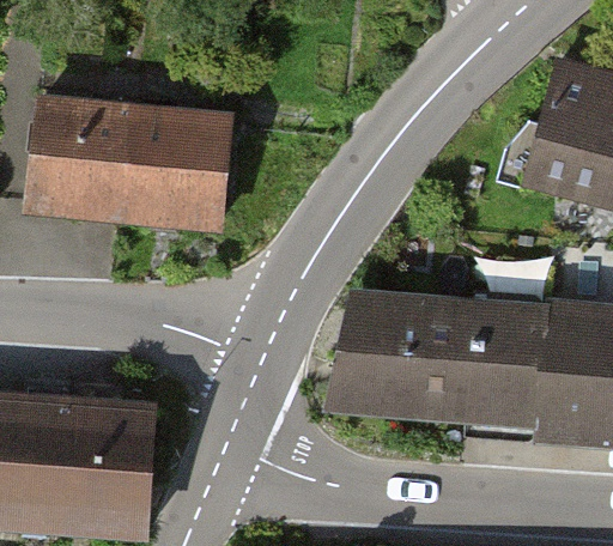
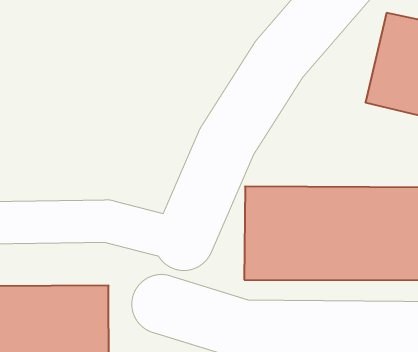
building: [31,98,233,223] -> none

